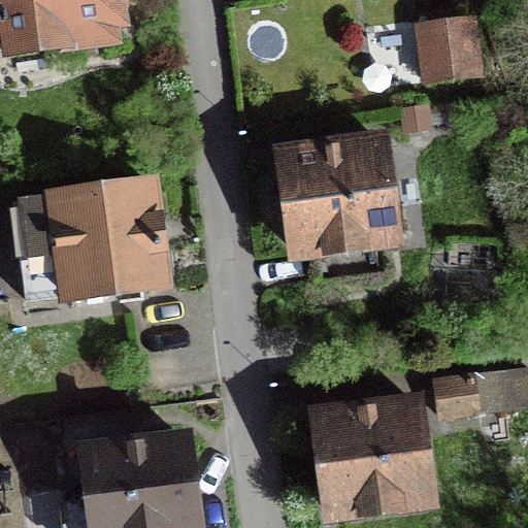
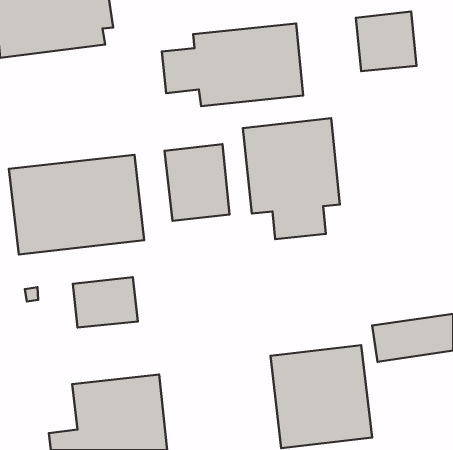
building: none -> [162,23,303,106]
building: none -> [164,144,230,221]
building: none -> [73,277,138,328]

